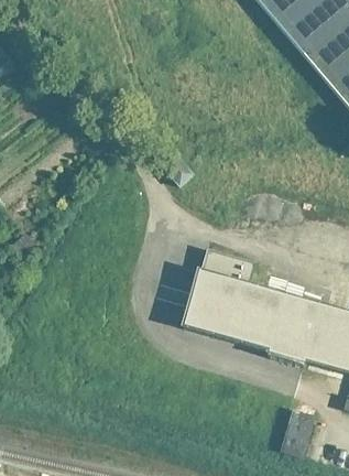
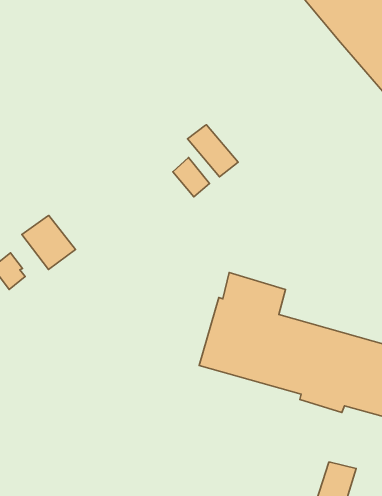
building: none -> [187,125,238,177]
building: none -> [22,216,75,269]

